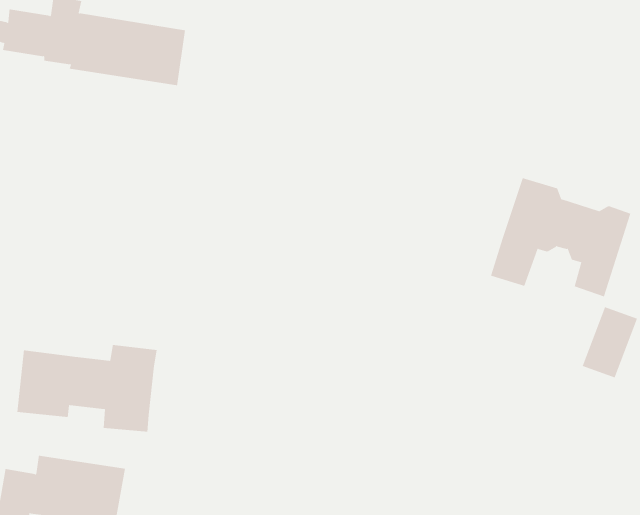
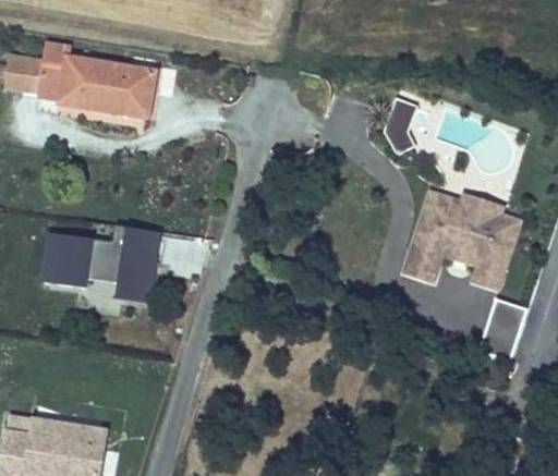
building: none -> [386,96,417,151]
building: [17,344,157,432] -> [45,227,160,298]

